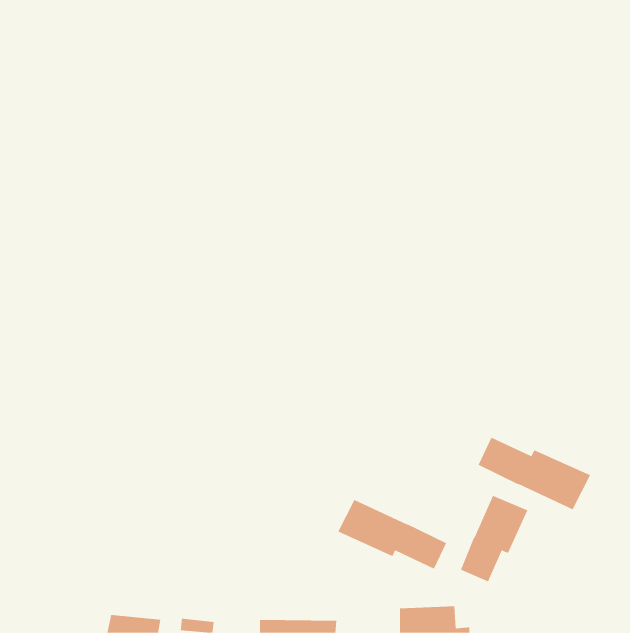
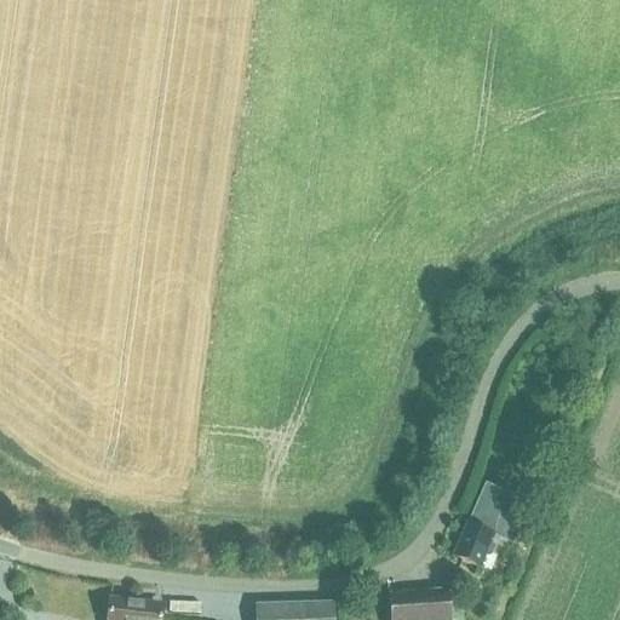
building: [478,437,591,510] -> none
building: [338,499,447,569] -> none

